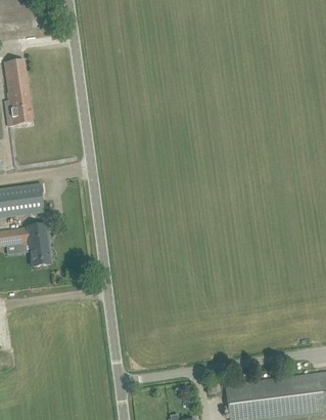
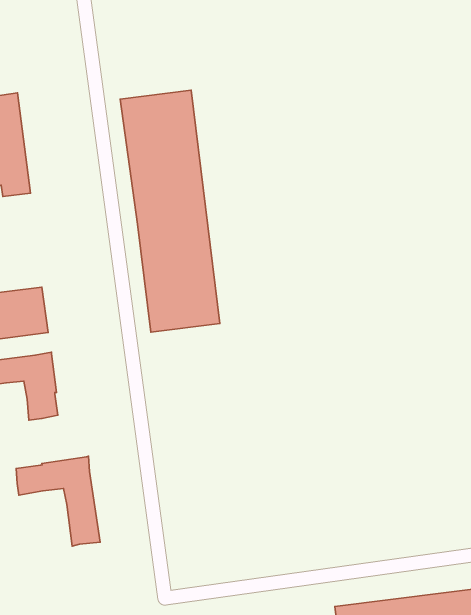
building: none -> [120,90,220,332]
building: none -> [16,456,100,546]

